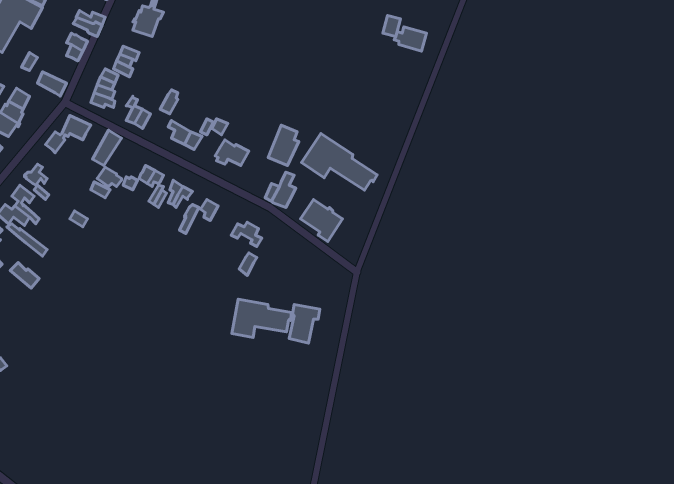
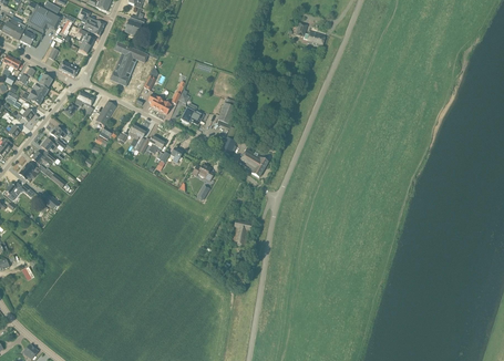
building: [302,133,377,190] -> none
building: [232,299,292,338] -> none

